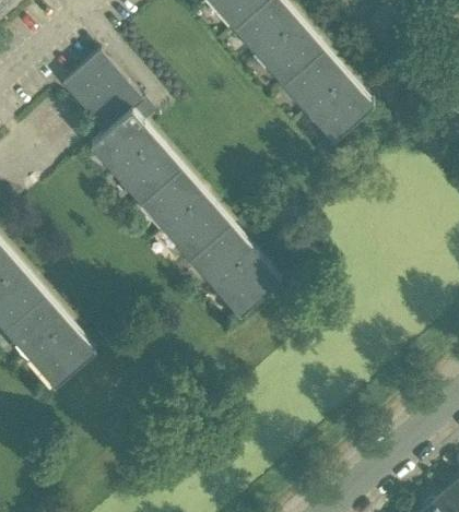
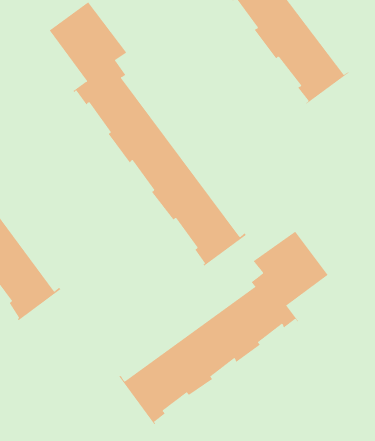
building: none -> [119,231,328,425]

